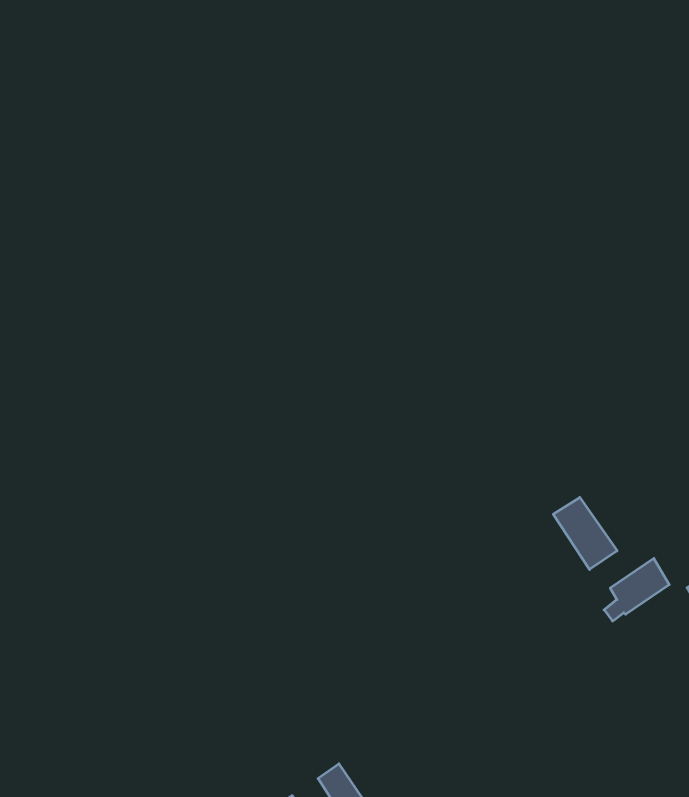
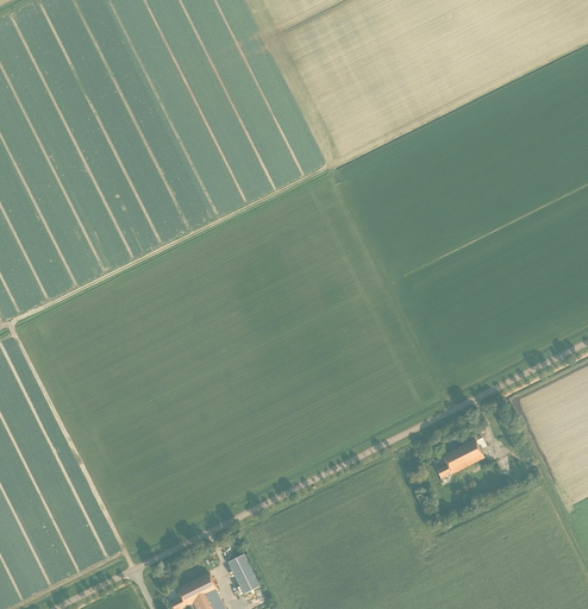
building: [553,497,617,570] -> none

